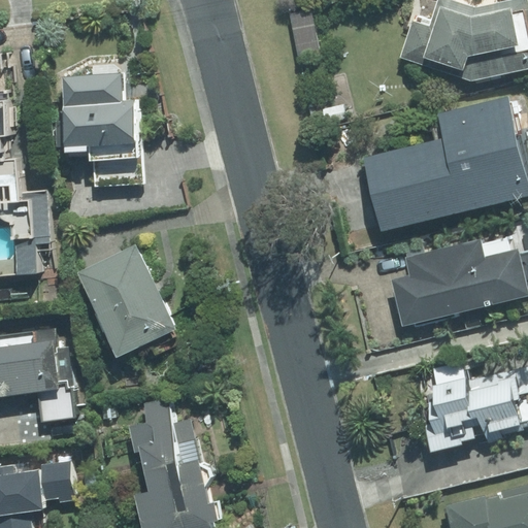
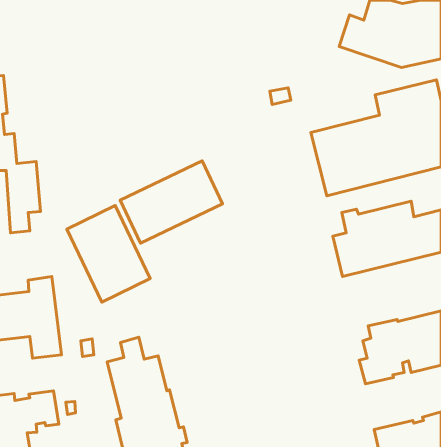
building: [63,72,141,187] -> none
building: none -> [120,161,222,243]

